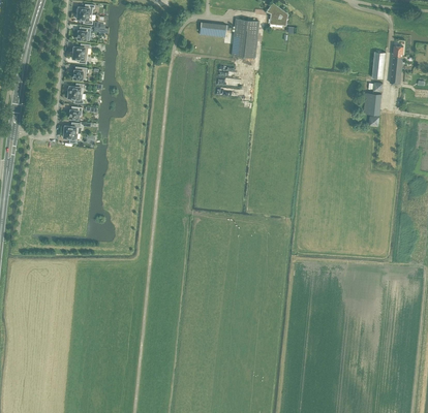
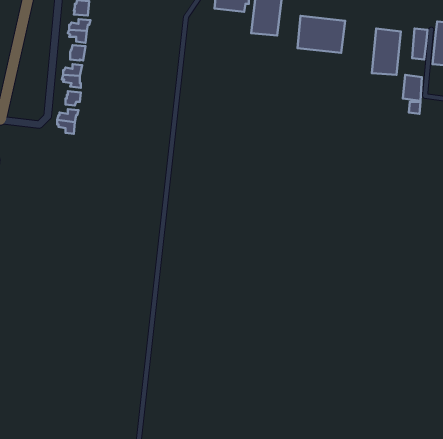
building: none -> [298,16,345,53]
building: none -> [372,29,401,75]

